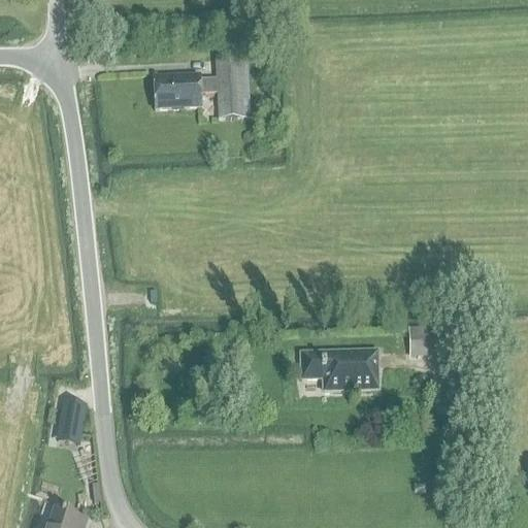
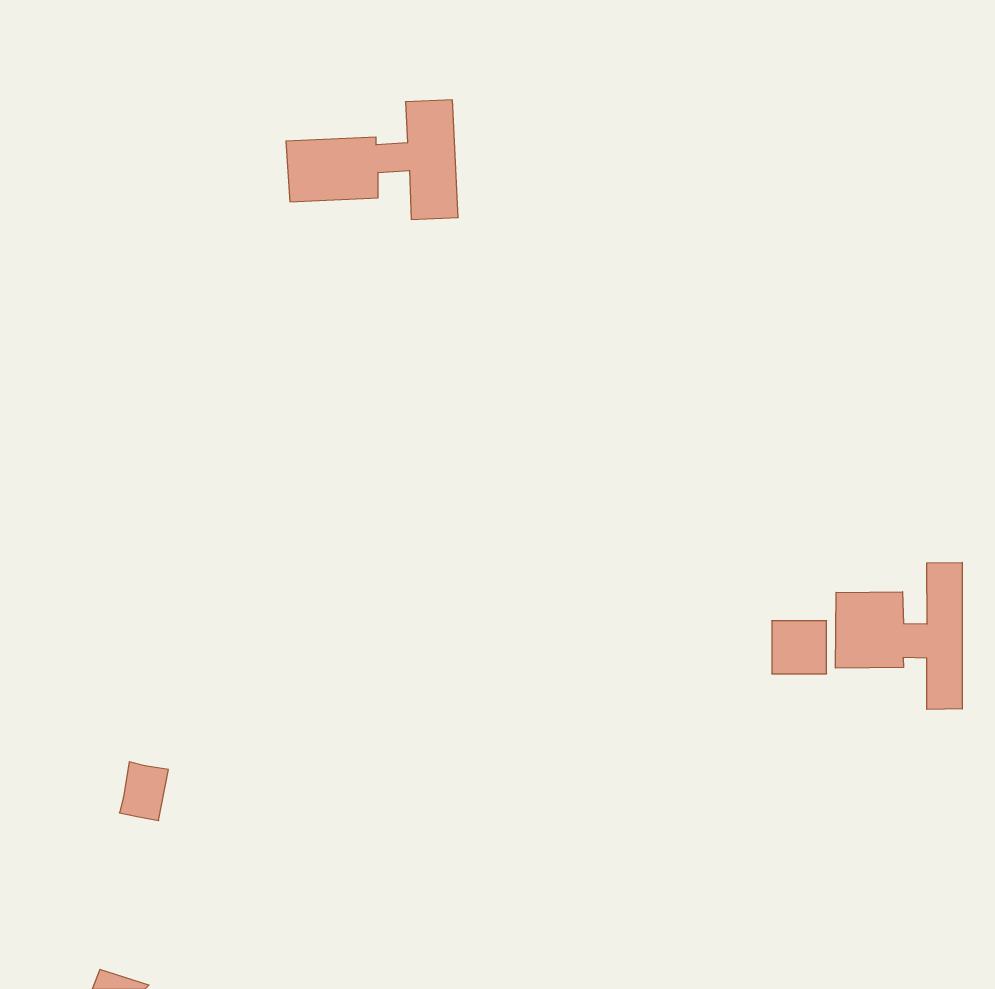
building: none -> [835,562,962,709]
building: [302,349,378,388] -> none

